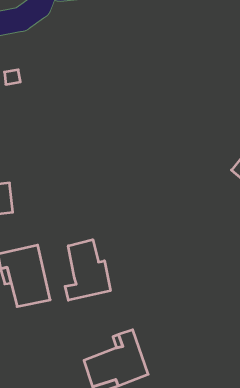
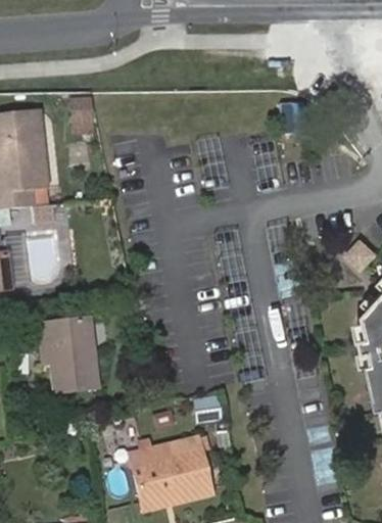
building: [65,240,110,300] -> none

